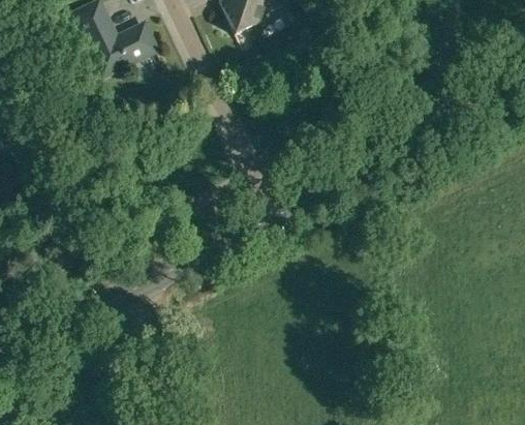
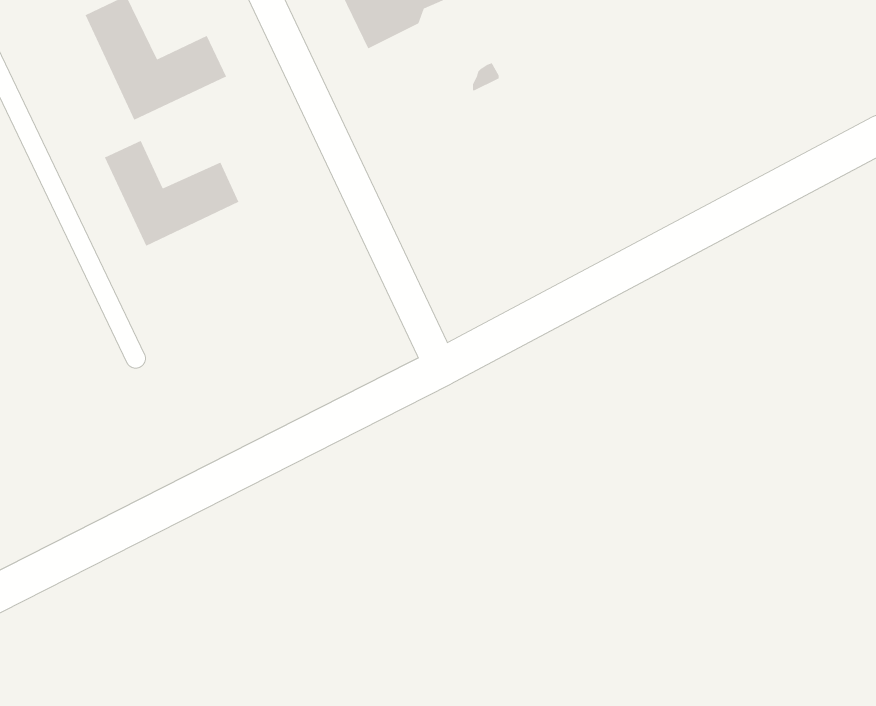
building: none -> [104,140,240,247]

